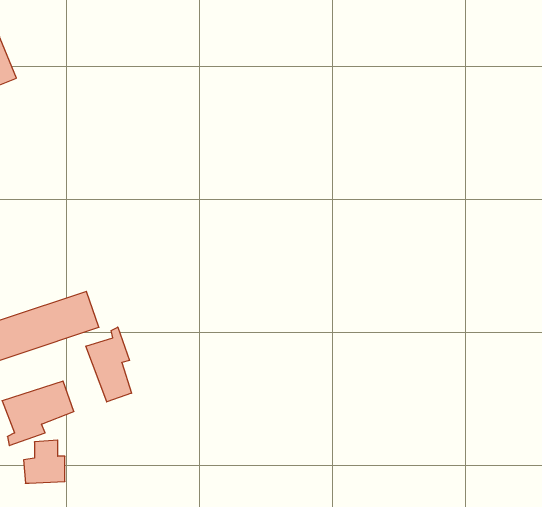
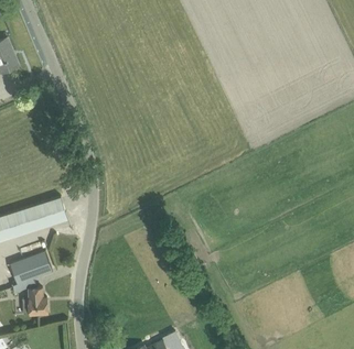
building: [86,327,132,402] -> none

